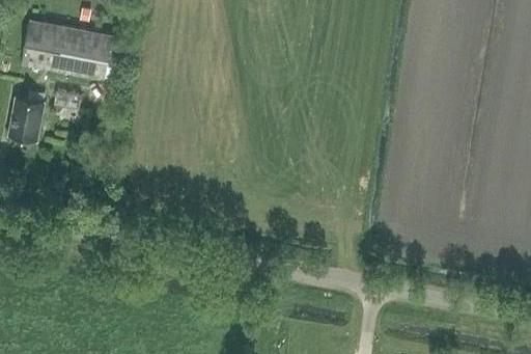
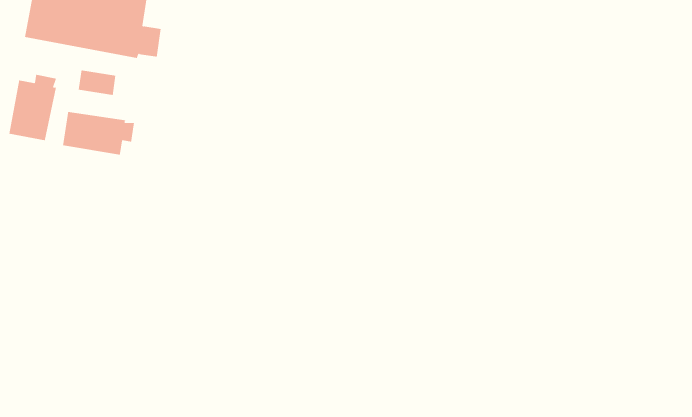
building: none -> [62,111,135,156]

